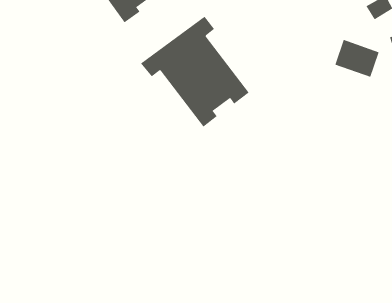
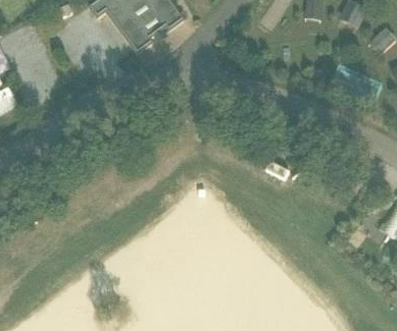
building: [140,16,250,128] -> none

